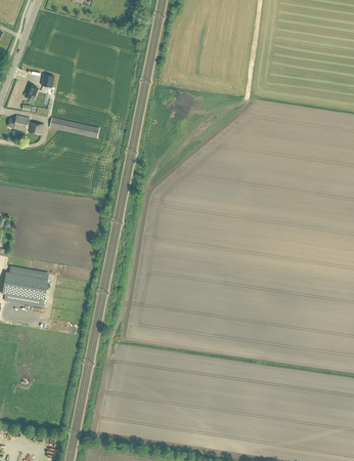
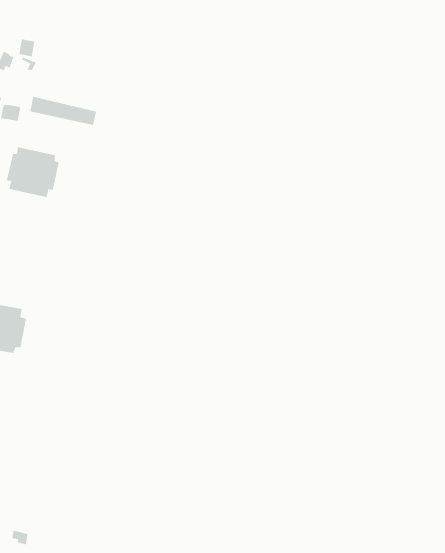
building: none -> [6,147,59,198]

